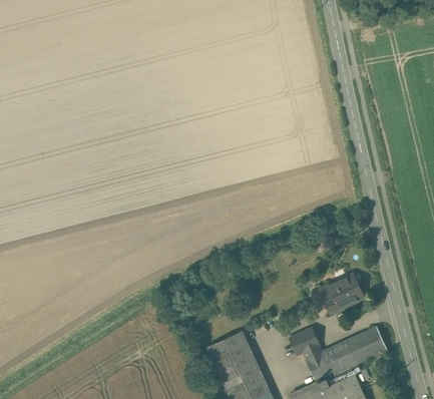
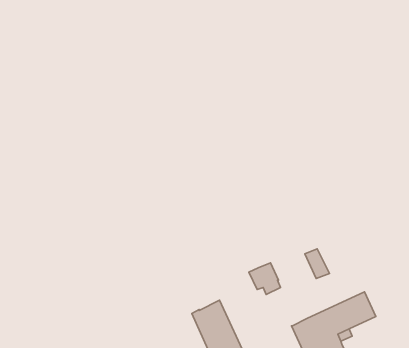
building: [332,272,366,307] -> none
building: [291,327,322,358] -> [249,263,281,295]

